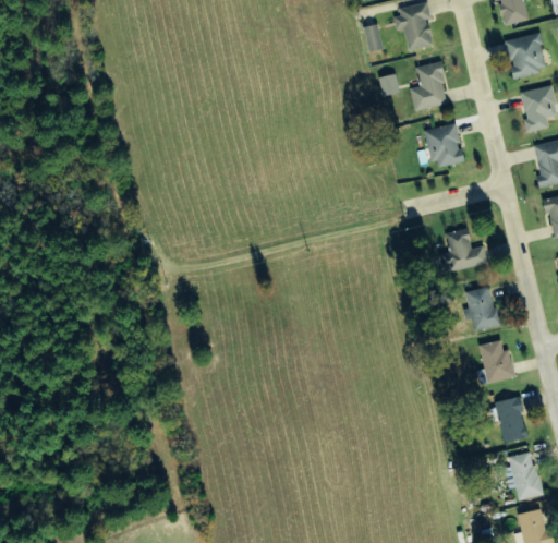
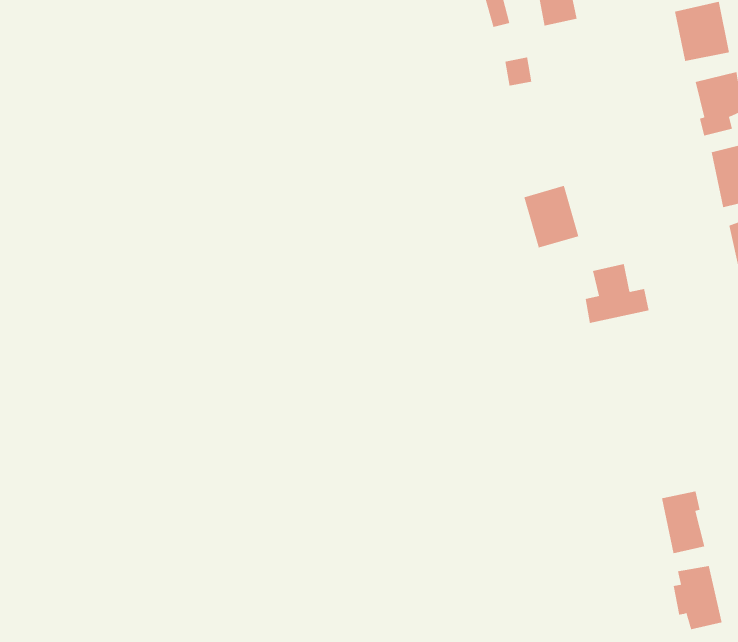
building: [410,61,449,111] -> none
building: [424,122,465,169] -> [523,185,579,248]
building: [462,287,502,329] -> none
building: [478,340,515,384] -> none

